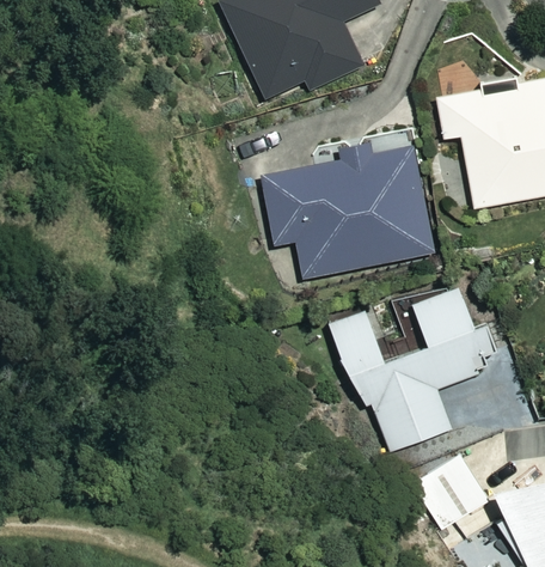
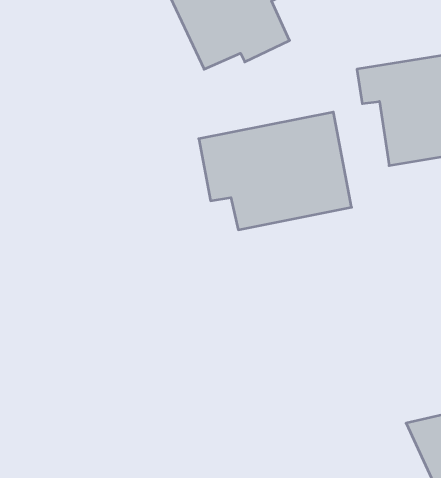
building: [326,286,490,449] -> none
building: [416,455,486,526] -> none

